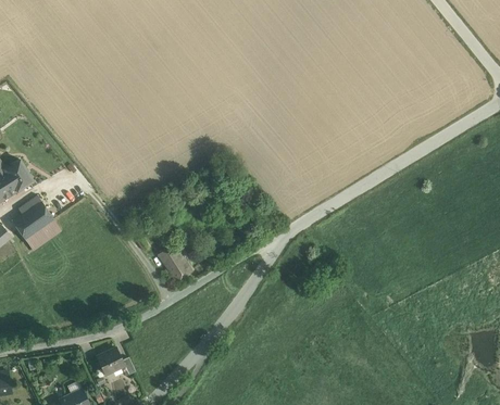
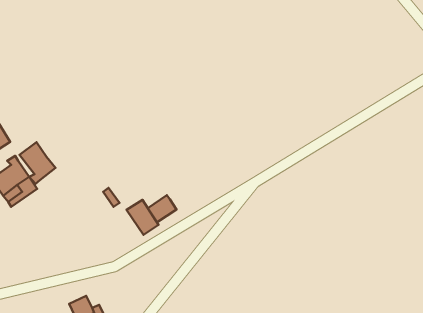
building: none -> [20,142,55,184]
building: none -> [148,195,176,222]

